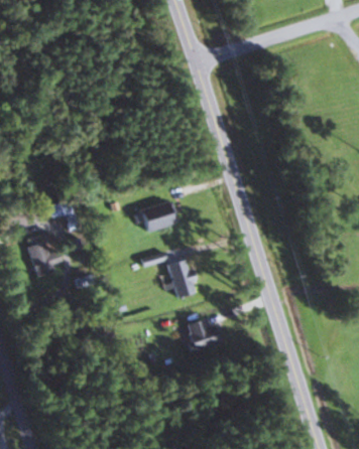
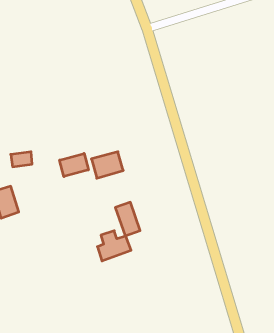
building: none -> [60,153,88,177]
building: [185,319,223,353] -> [97,231,131,261]

